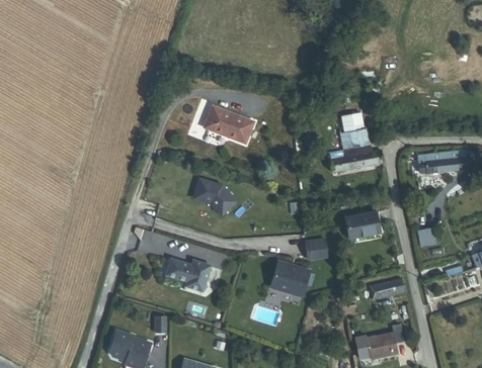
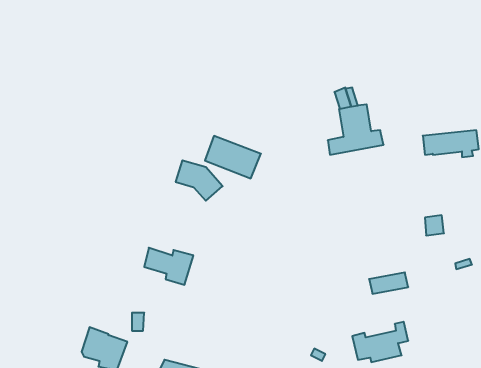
building: [204,104,254,143] -> [205,136,261,178]
building: [347,211,381,239] -> none
building: [305,238,327,259] -> none
building: [269,259,310,295] -> none

